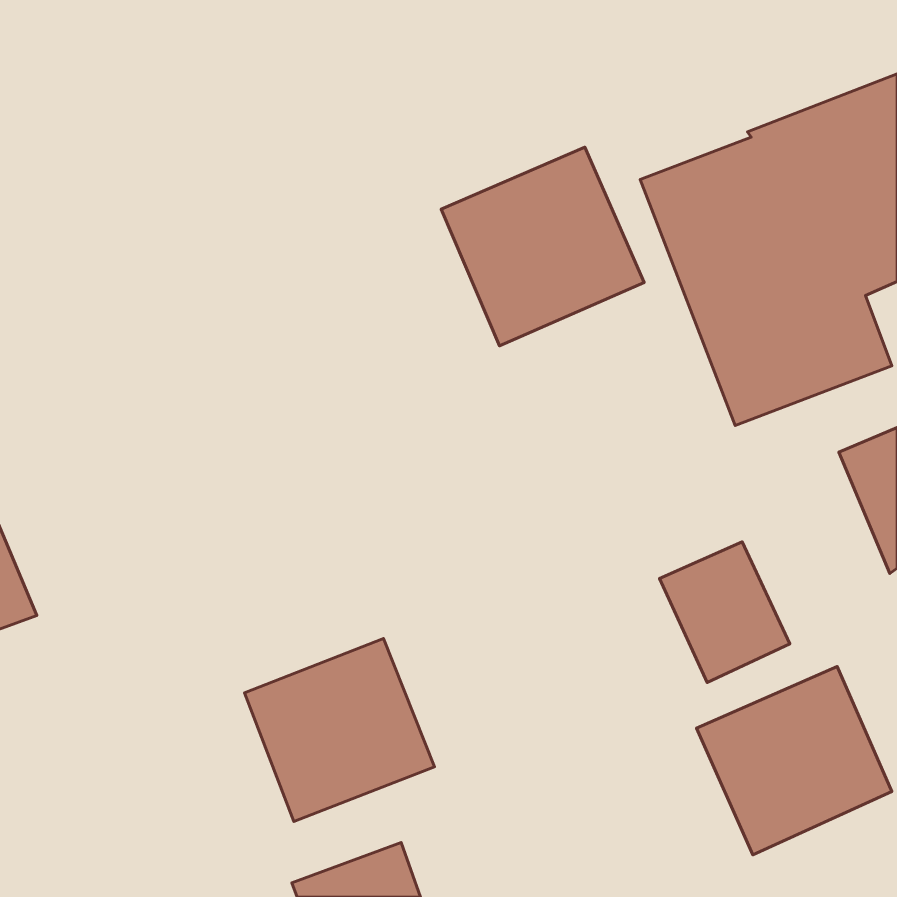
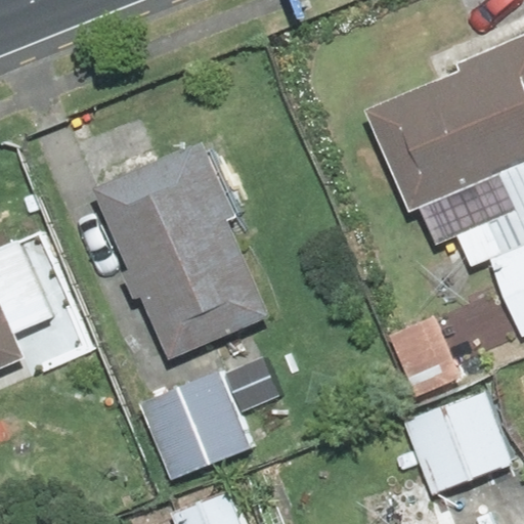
building: [441,147,644,346] -> none
building: none -> [95,143,265,360]

